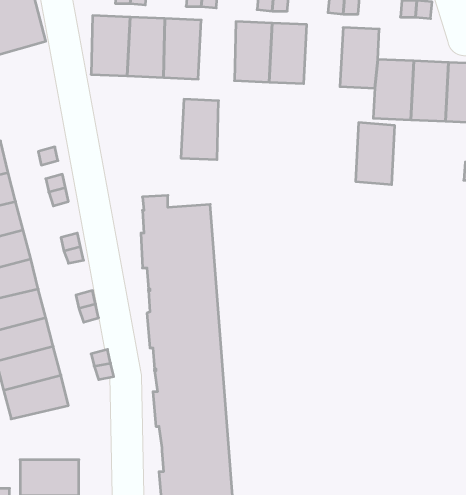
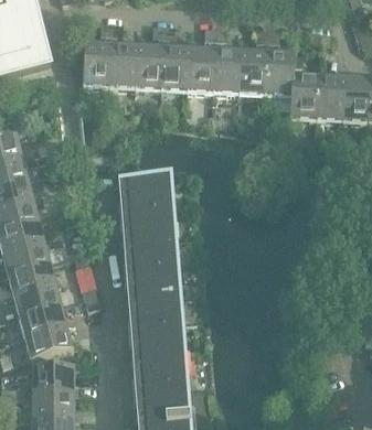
building: [181,99,219,160] -> [160,44,188,88]
building: [356,123,395,185] -> [237,47,266,93]
building: none -> [23,325,72,358]

